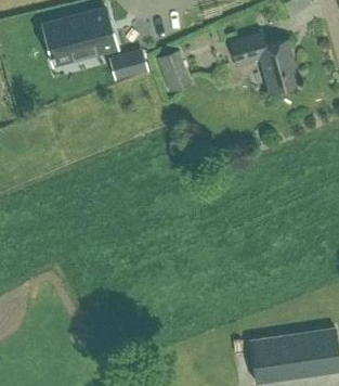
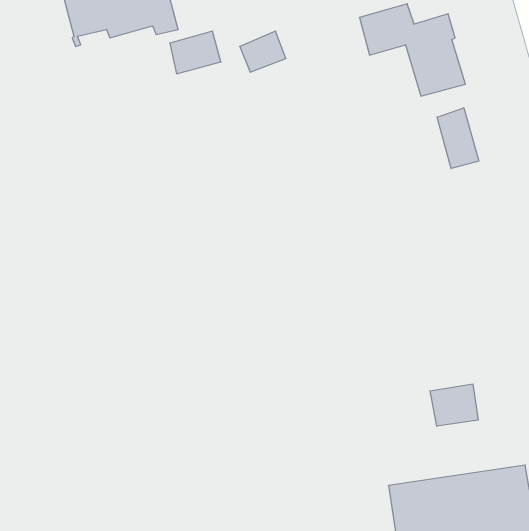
building: none -> [437,108,479,169]
building: none -> [430,384,478,426]

